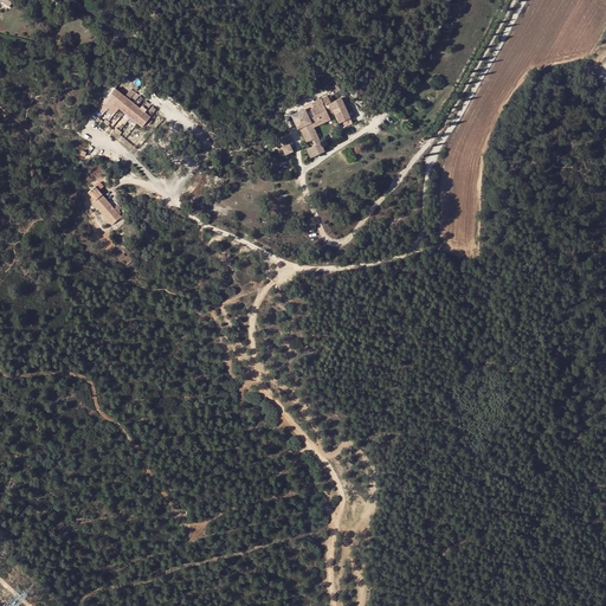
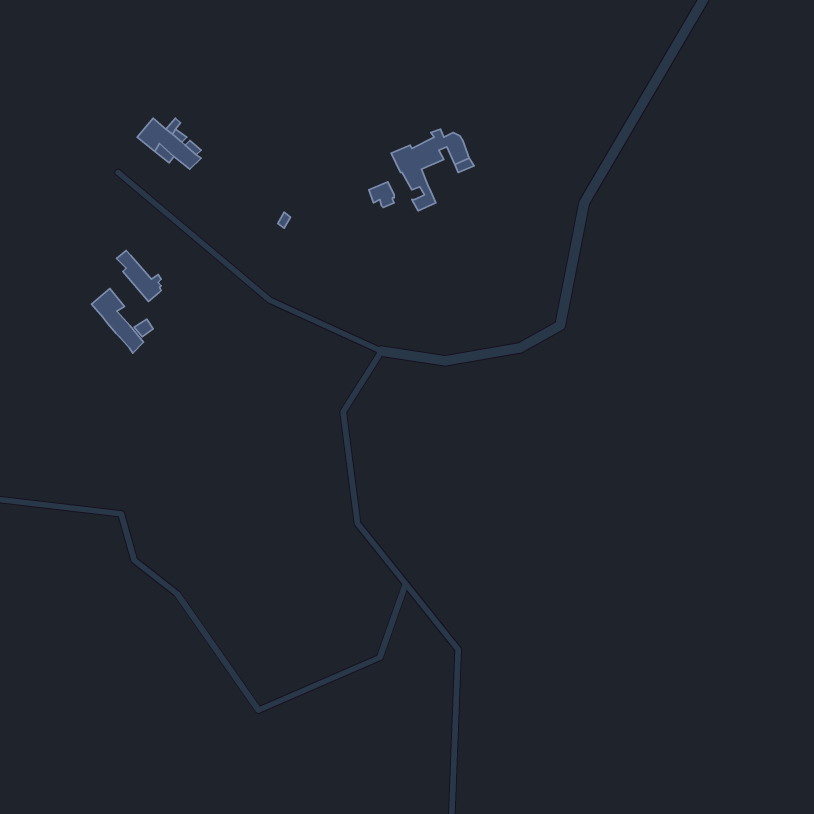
building: none -> [91,289,143,353]

